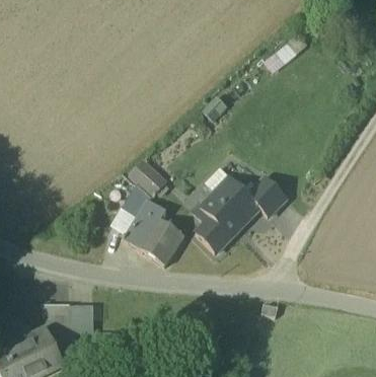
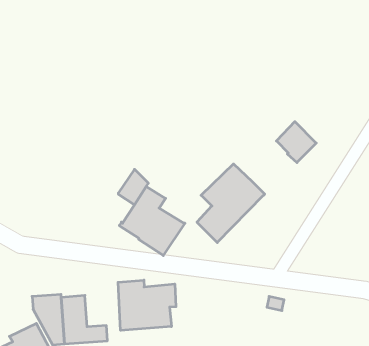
building: [131,160,164,193] -> none
building: [248,176,286,215] -> [276,122,316,163]
building: none -> [118,280,176,330]

